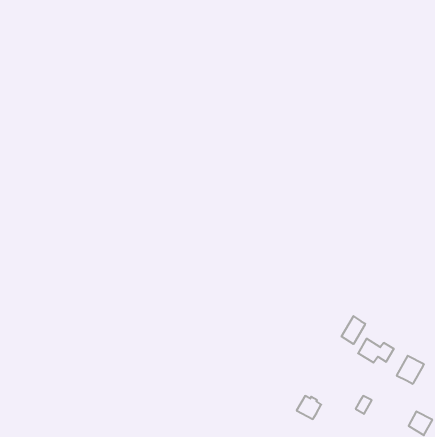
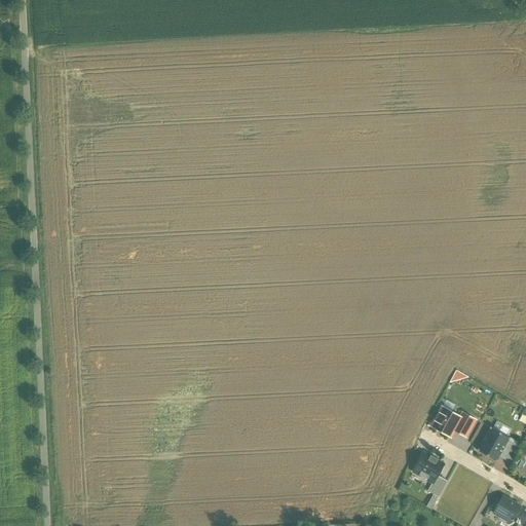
building: [342,316,365,344] -> none
building: [297,396,321,419] -> [415,454,445,482]

